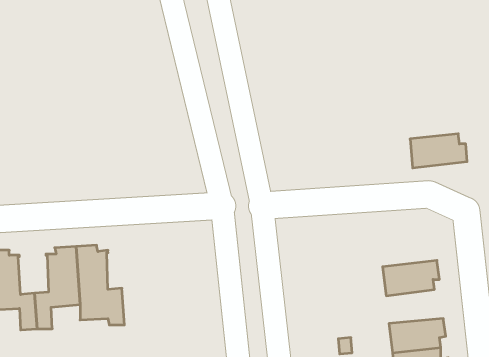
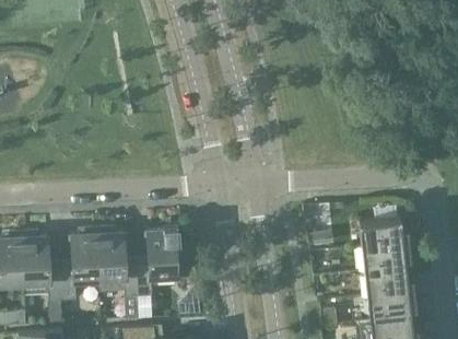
building: [410,134,467,168] -> [357,219,407,248]
building: none -> [134,230,177,299]
building: none -> [363,268,412,297]

